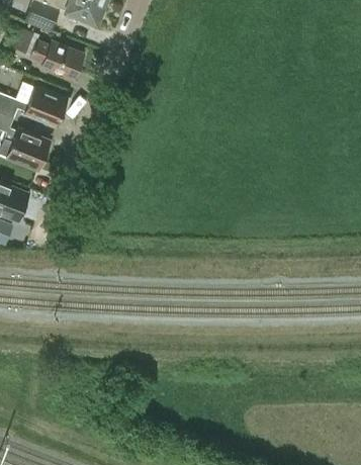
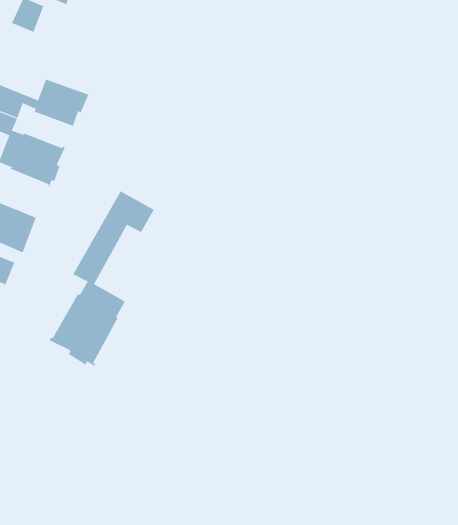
building: [30,38,85,80] -> none
building: none -> [49,191,154,367]

